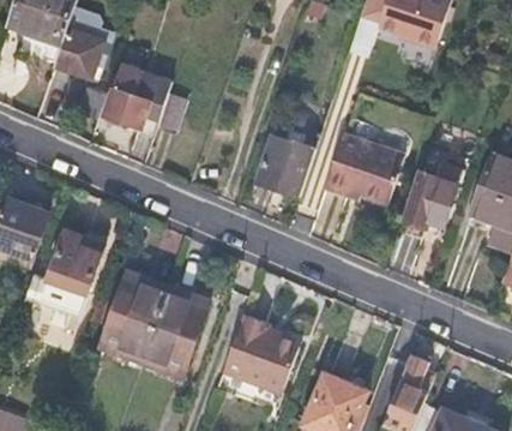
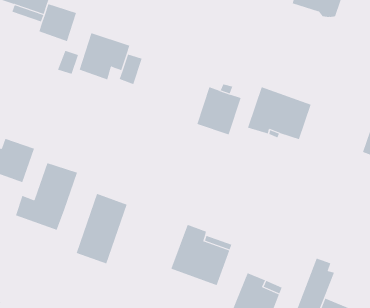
building: [403,161,460,225] -> none
building: [141,285,209,375] -> none

